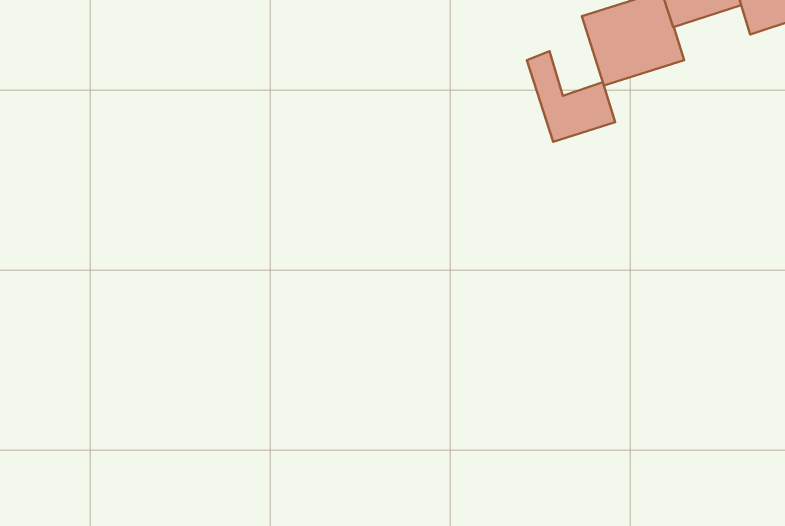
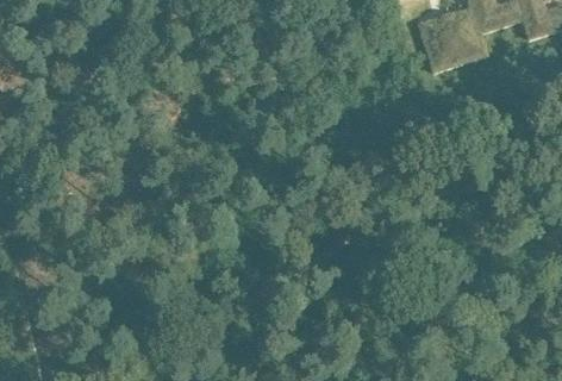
building: [527,51,615,142] -> none

